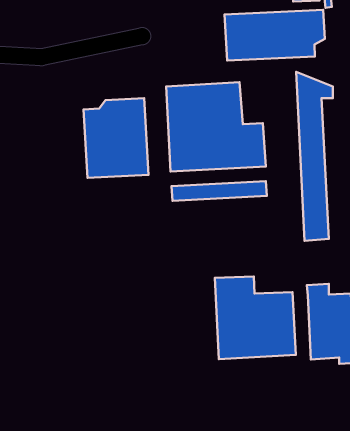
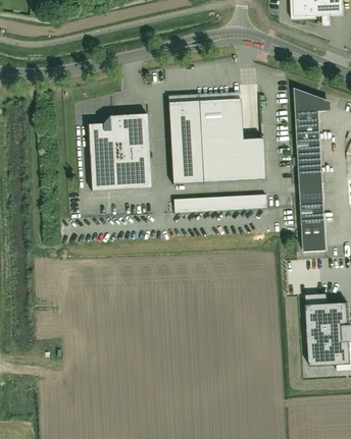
building: [225,10,325,60] -> none
building: [215,276,296,359] -> none

